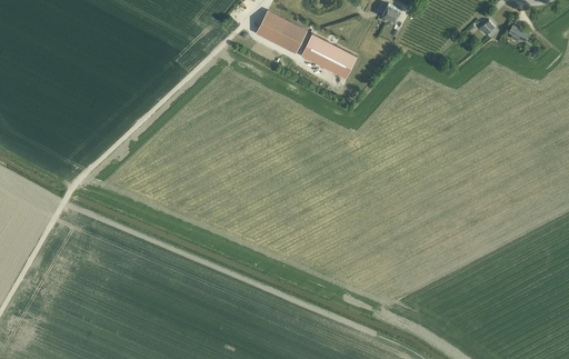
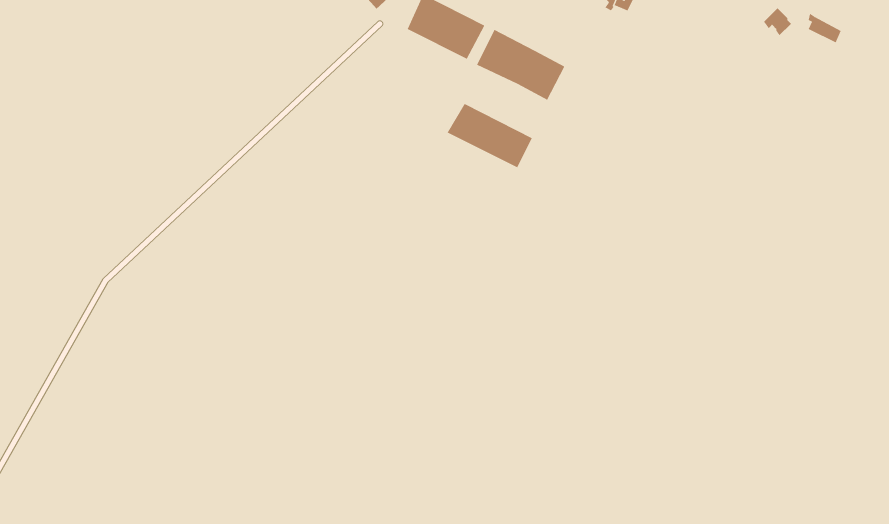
building: none -> [447,103,532,168]

